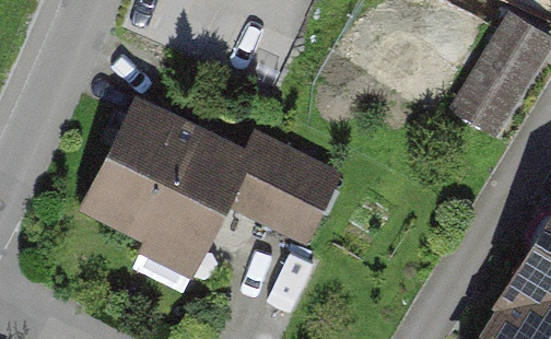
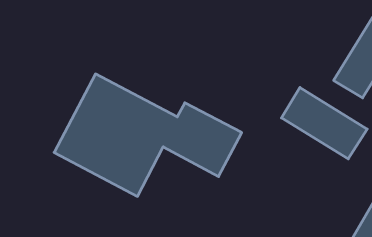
building: none -> [281,87,367,159]

